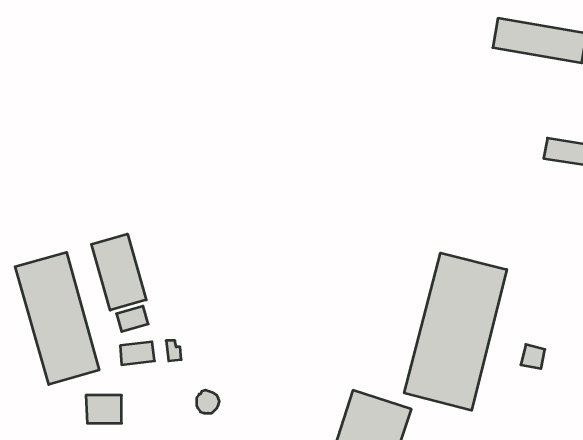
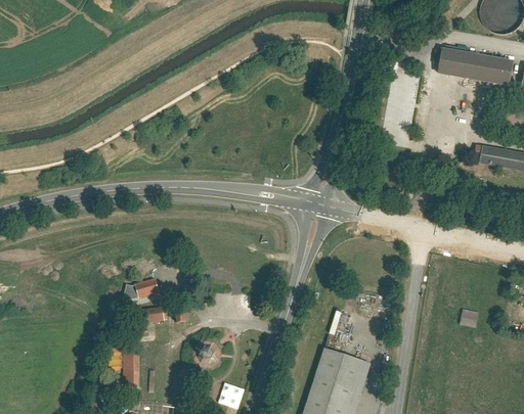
building: [91,234,146,310] -> none
building: [15,252,99,385] -> none
building: [404,253,507,410] -> none

